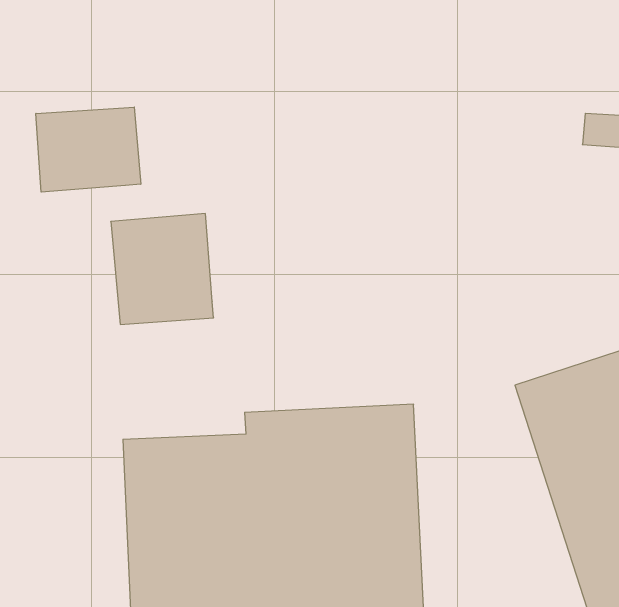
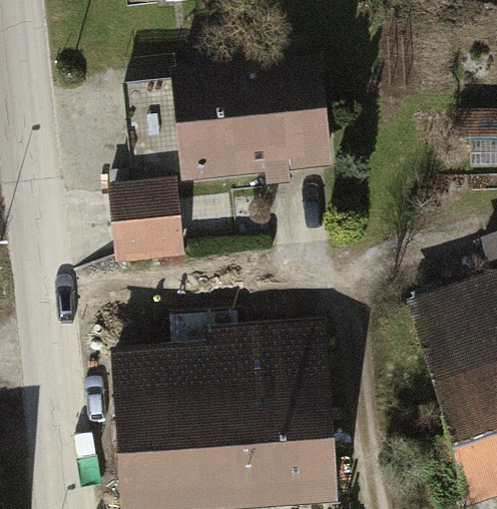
building: none -> [173,60,334,177]
building: [36,107,141,192] -> none

